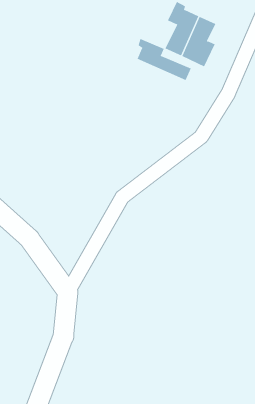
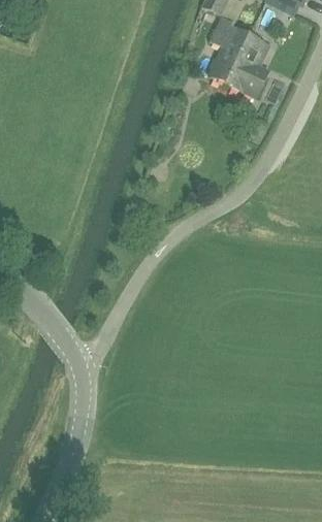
building: [137,38,191,81] -> none

